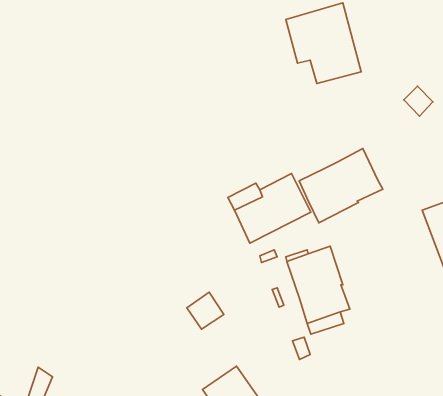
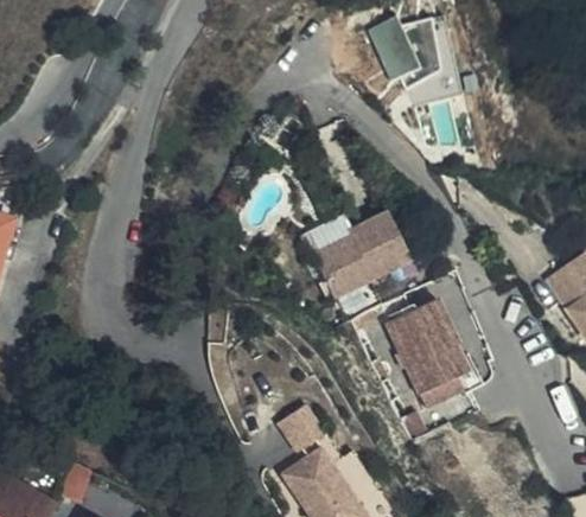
building: [299,149,383,223] -> none
building: [187,292,224,329] -> [278,408,323,453]

